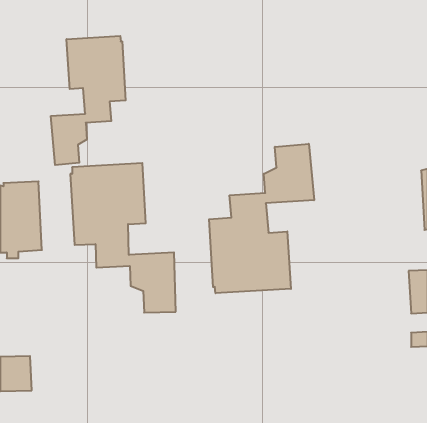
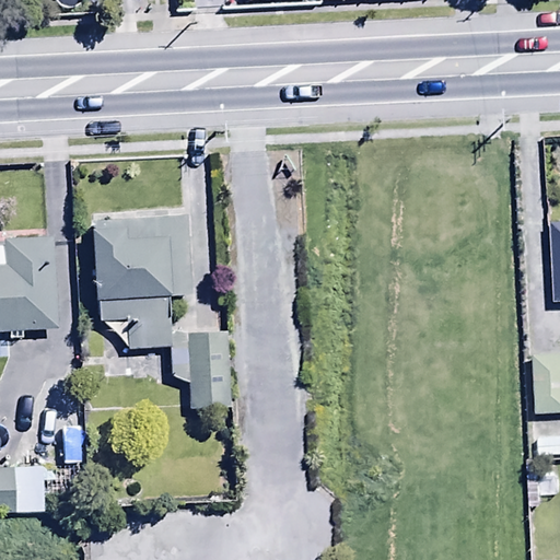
building: [51,36,126,165] -> none
building: [209,144,314,293] -> none

